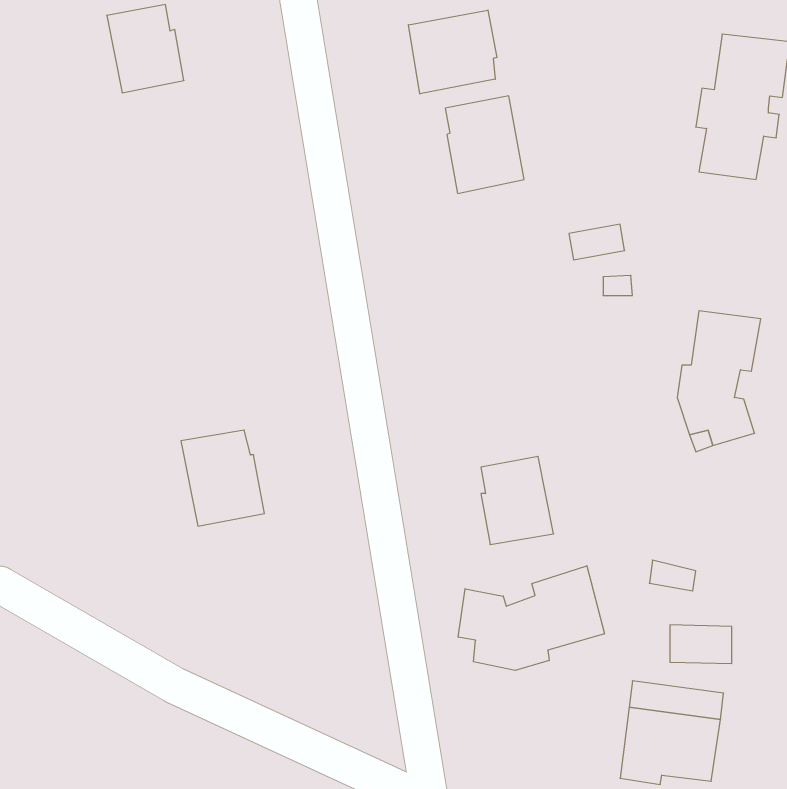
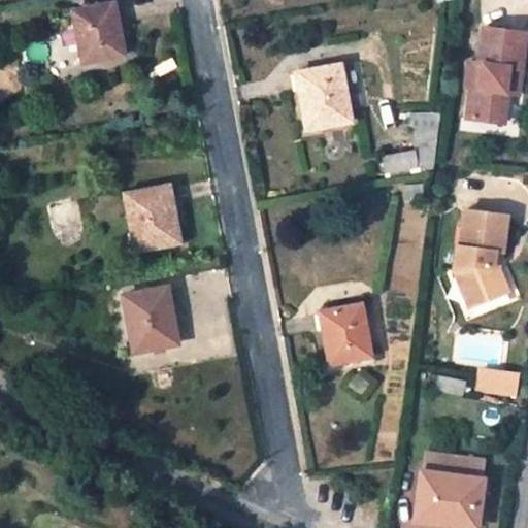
building: [408,10,497,94] -> none
building: none -> [125,188,179,251]
building: [458,566,604,670] -> none
building: [670,625,732,664] -> [477,369,519,395]

